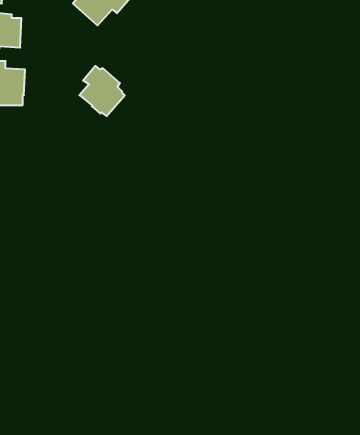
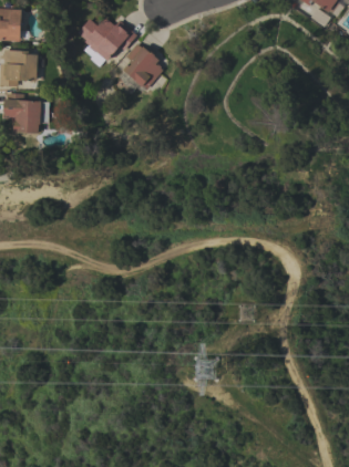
building: [79,66,125,116] -> [122,43,163,89]

